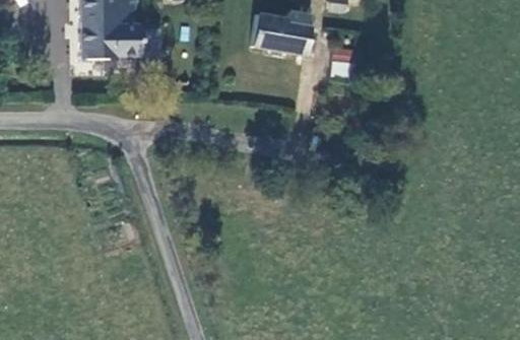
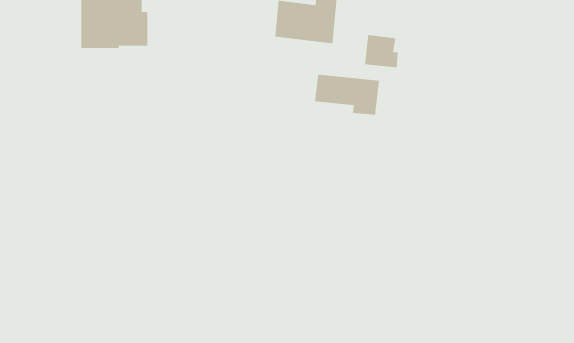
building: none -> [314,74,380,115]

